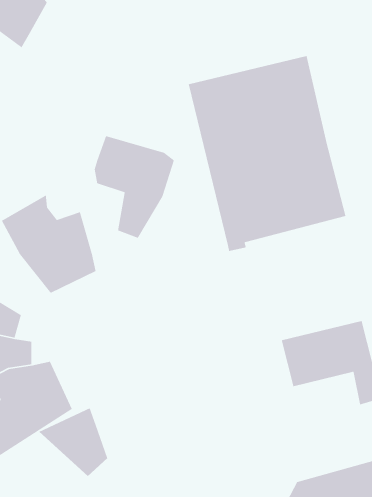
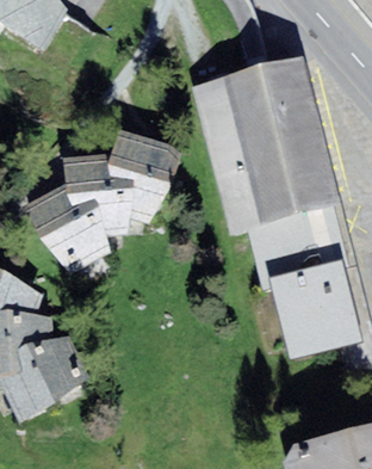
building: none -> [63,152,136,236]
building: none -> [247,202,354,315]
building: [38,407,108,477] -> none

